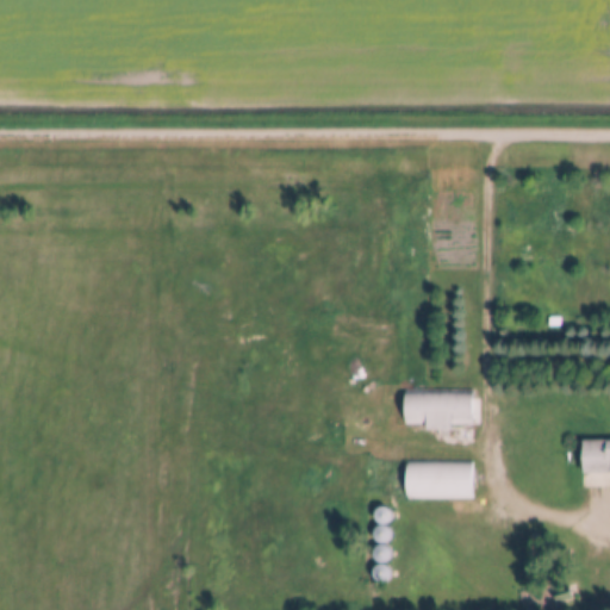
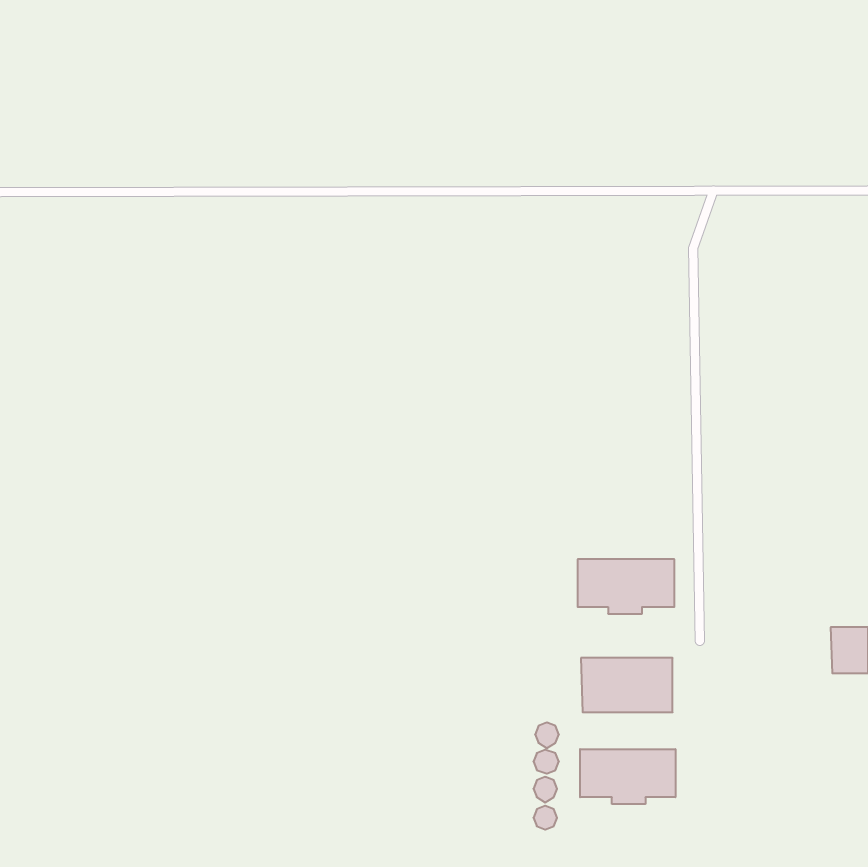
building: none -> [580,749,675,804]

